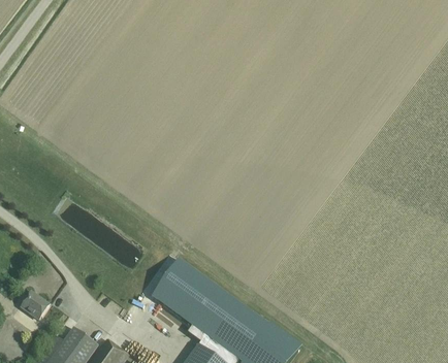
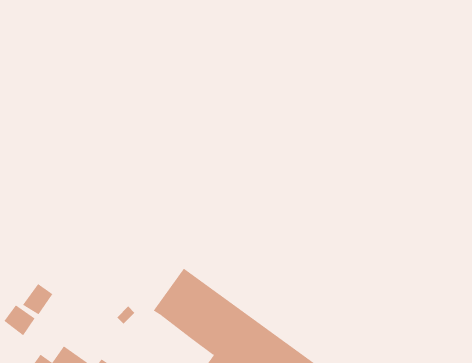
building: none -> [22,283,53,315]

